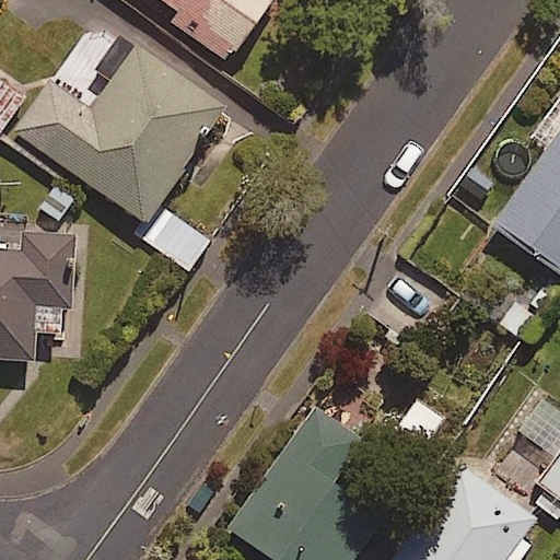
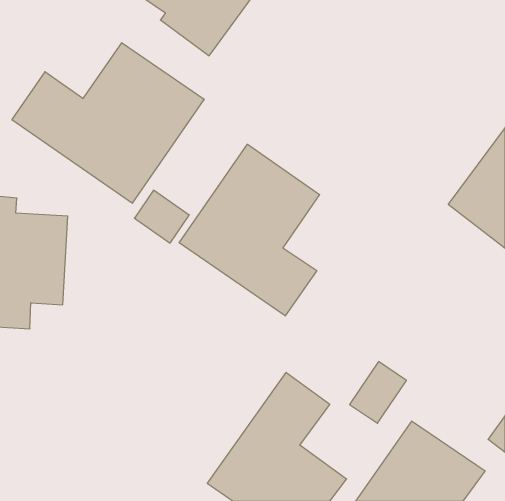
building: none -> [179,144,320,316]

